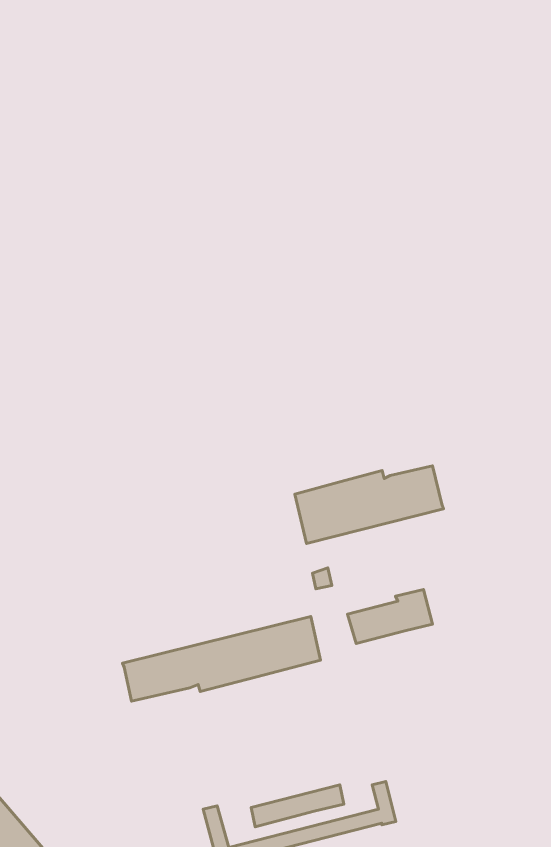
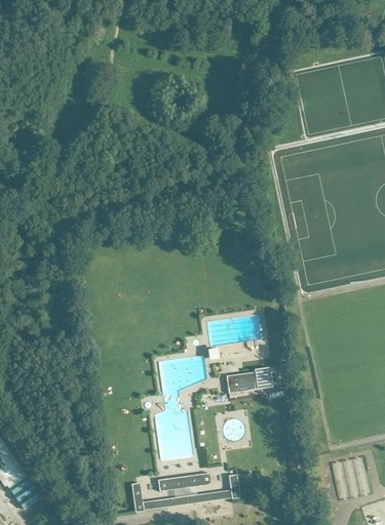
building: [295,466,443,544] -> none
building: [122,616,321,701] -> none

